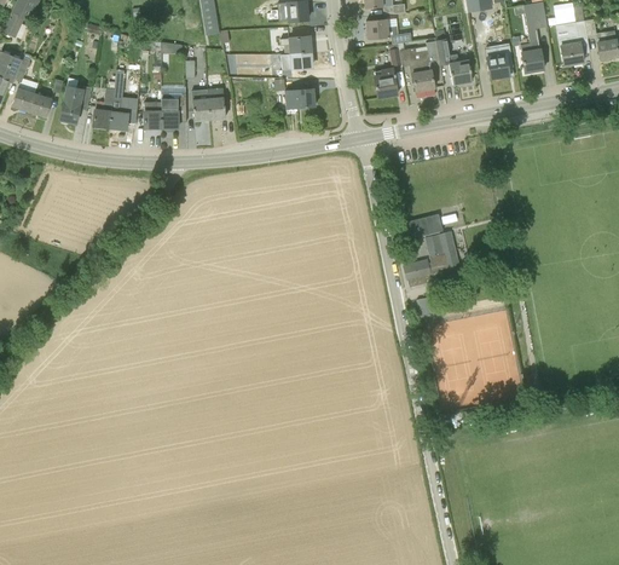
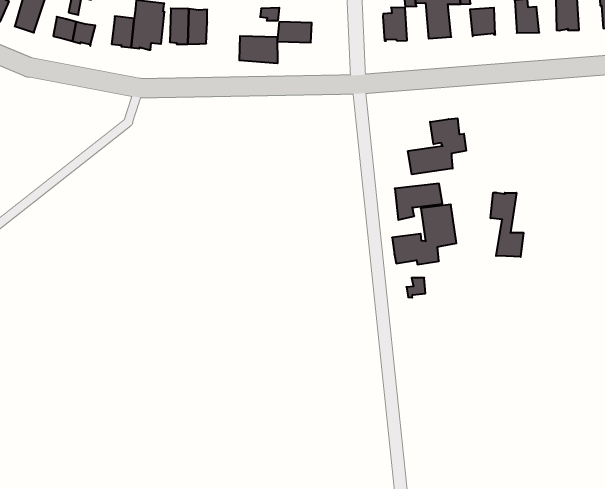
building: none -> [239,36,277,63]
building: none -> [408,118,466,174]
building: none -> [491,192,523,257]

